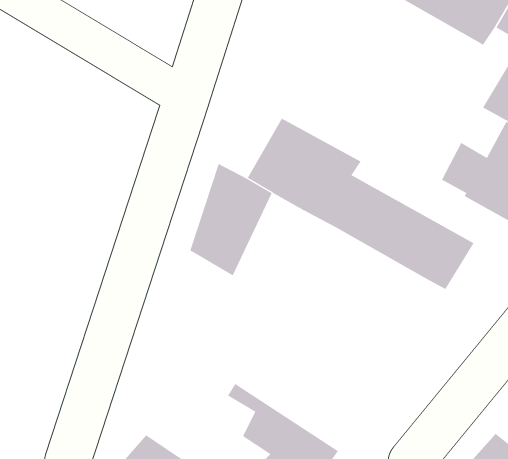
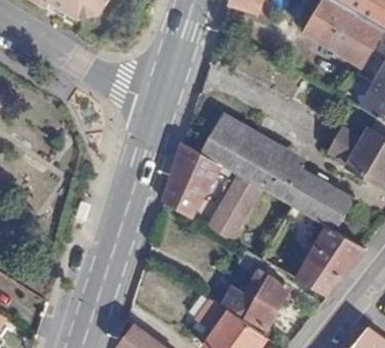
building: none -> [205,174,261,239]
building: none -> [292,222,365,297]
building: none -> [220,268,289,328]

